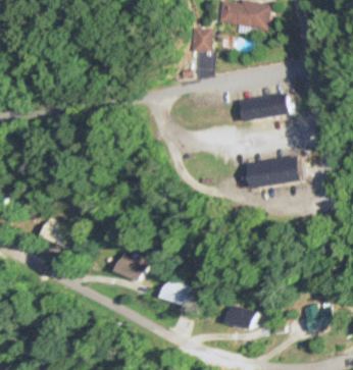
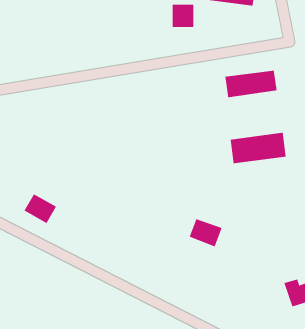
building: [112,254,146,283] -> none
building: [158,279,192,308] -> [189,219,222,247]
building: [224,305,256,331] -> none

